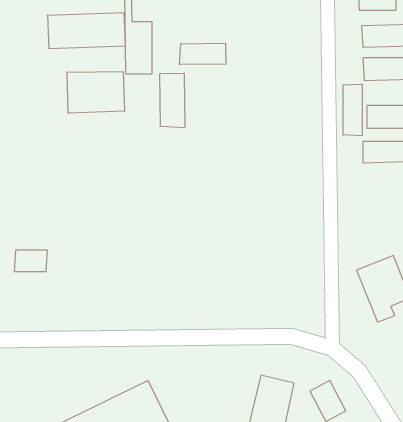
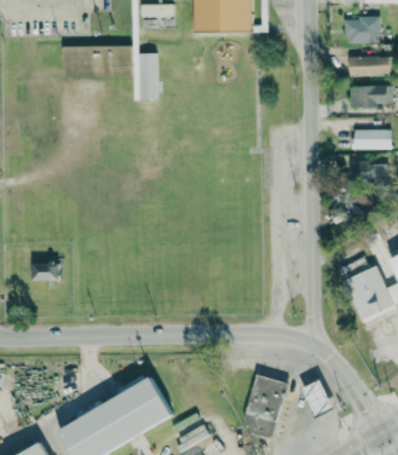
building: [180,43,226,65] -> none
building: [67,72,125,113] -> none
building: [160,73,185,128] -> none
building: [343,84,362,136] -> none

